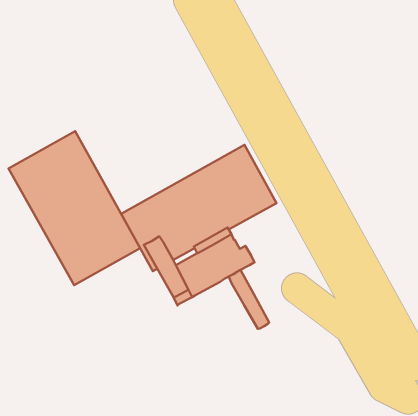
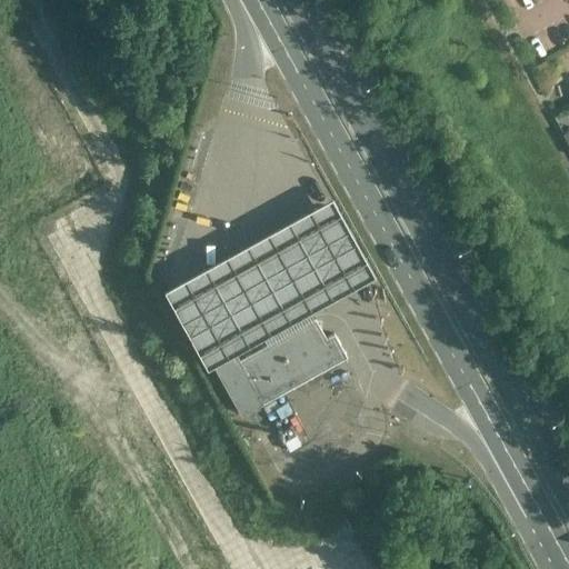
building: [8,131,140,285] -> none
building: [229,270,269,329] -> none

